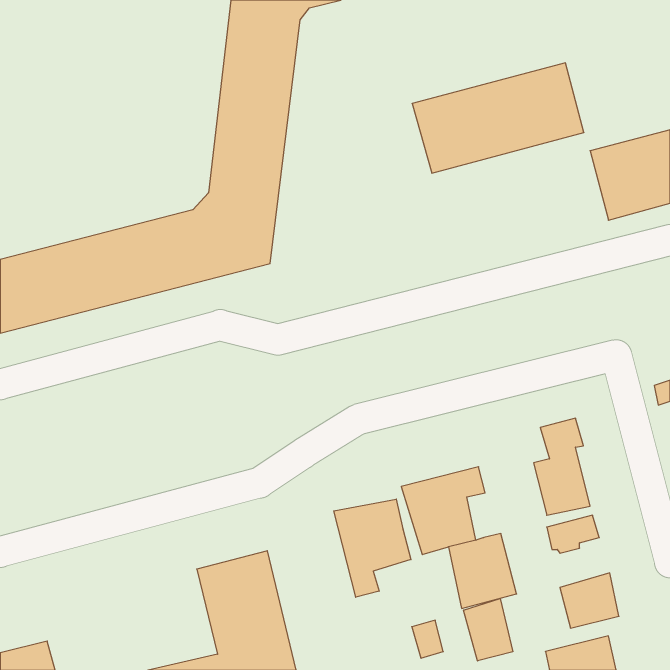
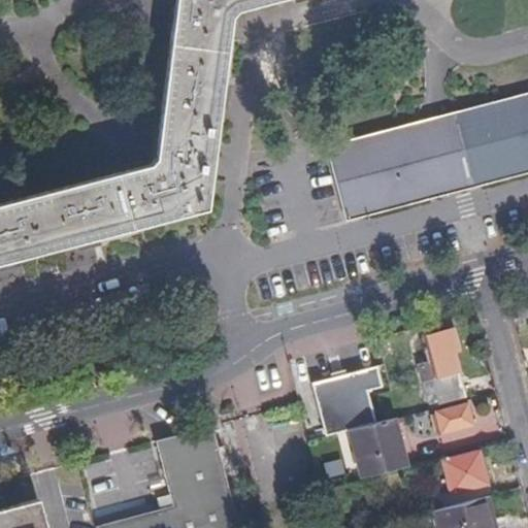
building: [412,63,584,173] -> [343,119,478,205]
building: [334,499,411,597] -> none
building: [464,598,513,661] -> none

